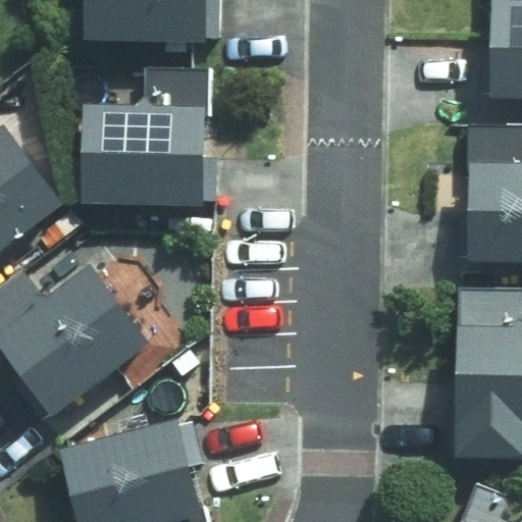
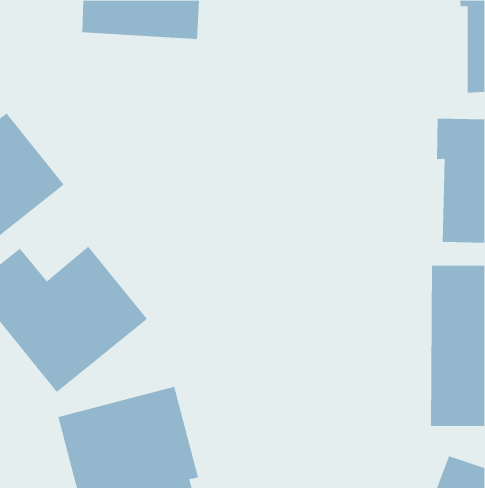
building: [84,69,208,205] -> none

